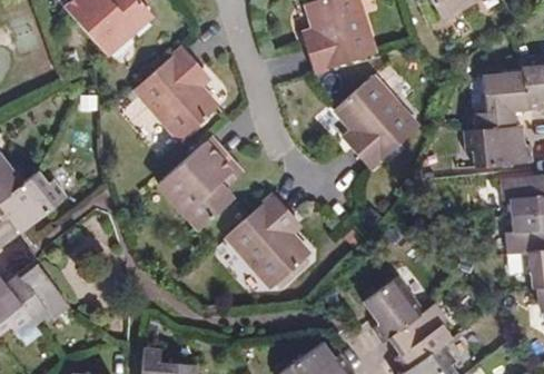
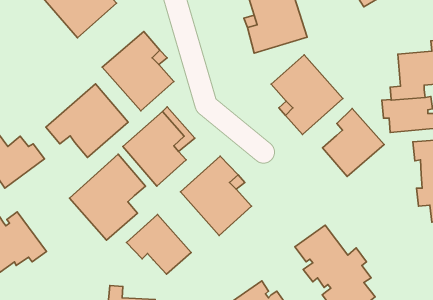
building: none -> [46,84,128,157]
building: none -> [322,109,384,176]
building: none -> [69,154,145,240]
building: none -> [126,215,191,274]

